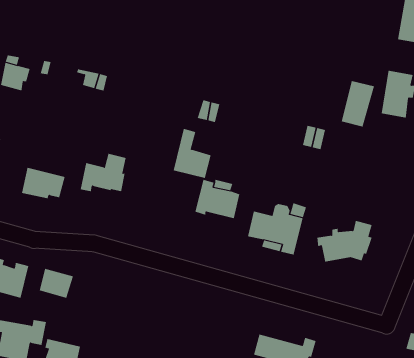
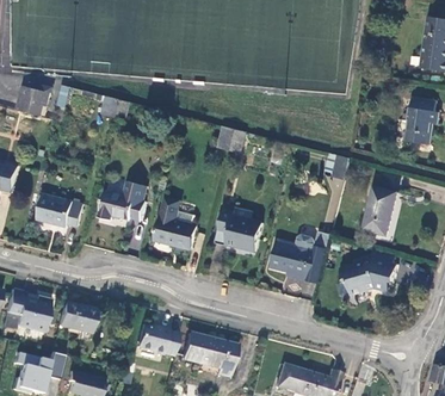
building: [341,80,375,127] -> [364,187,398,235]
building: [173,128,211,179] -> [156,197,196,248]
building: none -> [135,321,178,354]
building: none -> [180,330,235,375]

